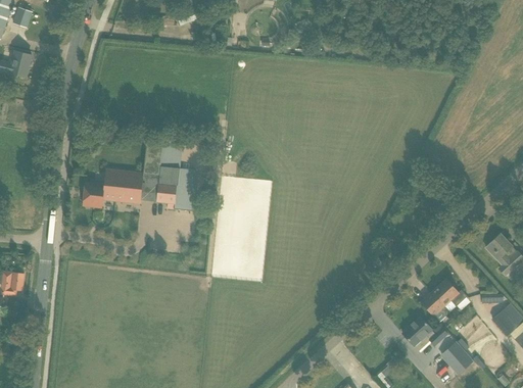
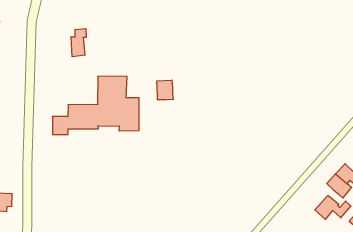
building: none -> [71,29,86,57]
building: none -> [157,80,173,100]

